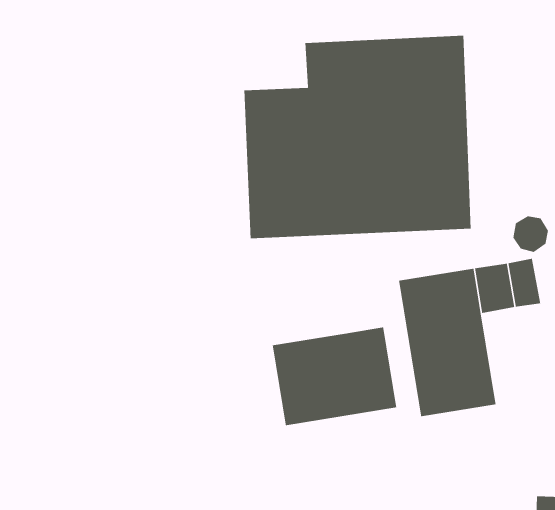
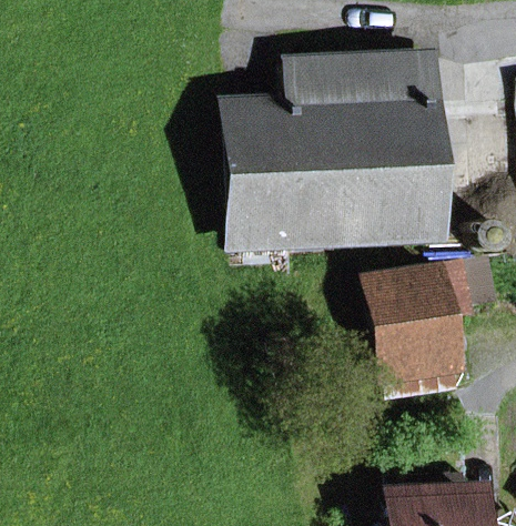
building: [272,327,397,426] -> none

